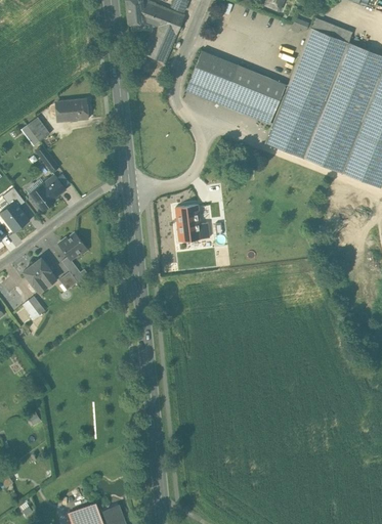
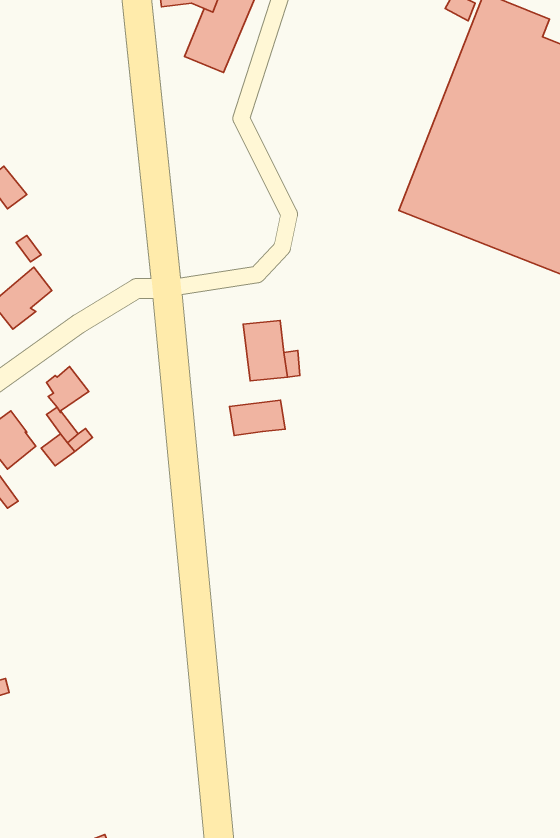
building: [185,49,286,124] -> none
building: [55,98,88,121] -> none
building: none -> [229,400,285,435]

